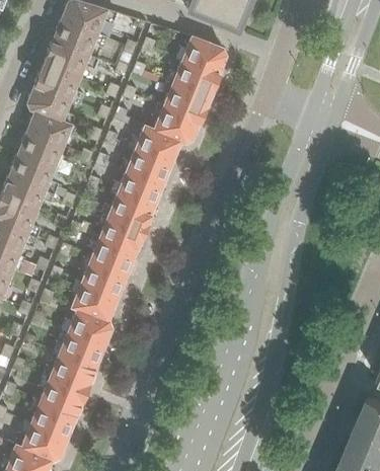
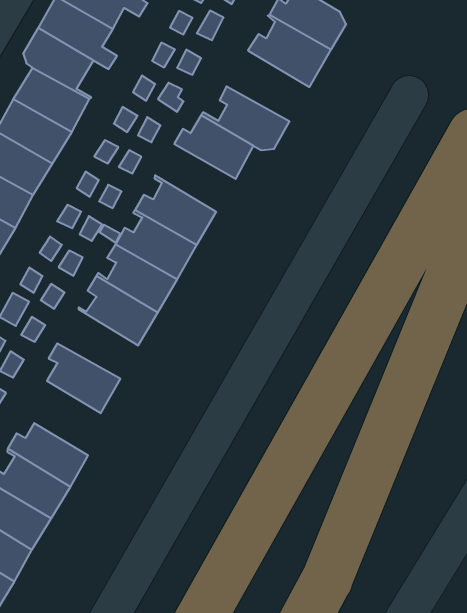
building: [156,81,208,122] -> none
building: [120,146,170,184] -> none
building: [74,257,125,297] -> none
building: [62,305,111,347] -> none

